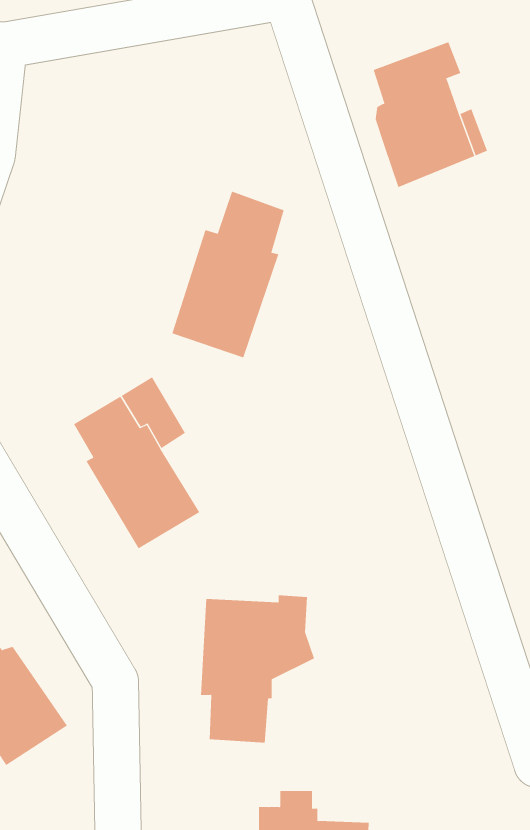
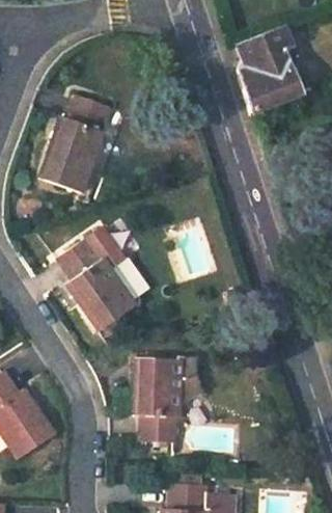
building: [171,191,284,358] -> [40,95,107,193]

